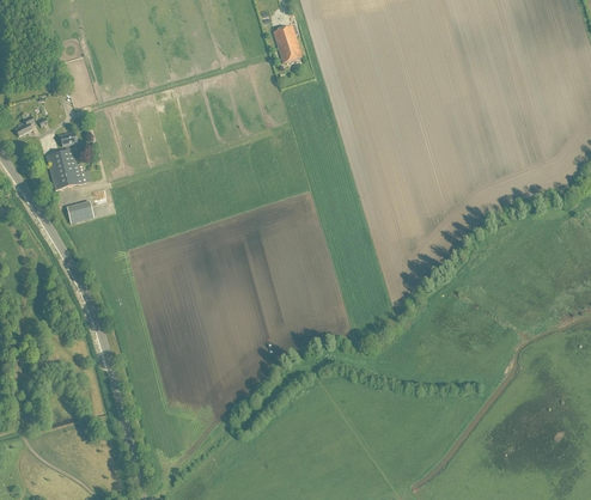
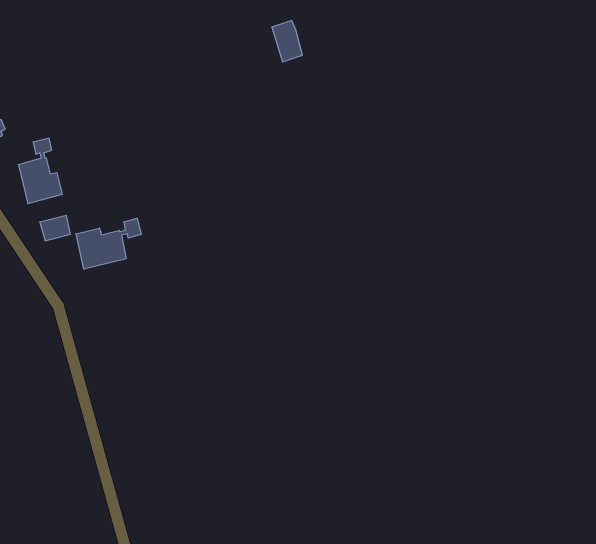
building: none -> [76,218,141,269]

